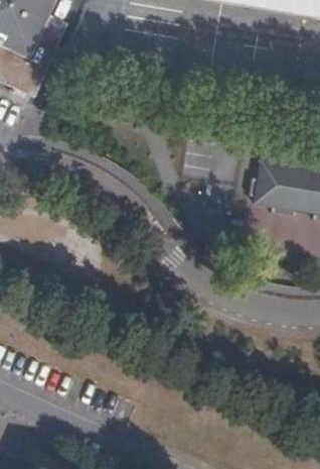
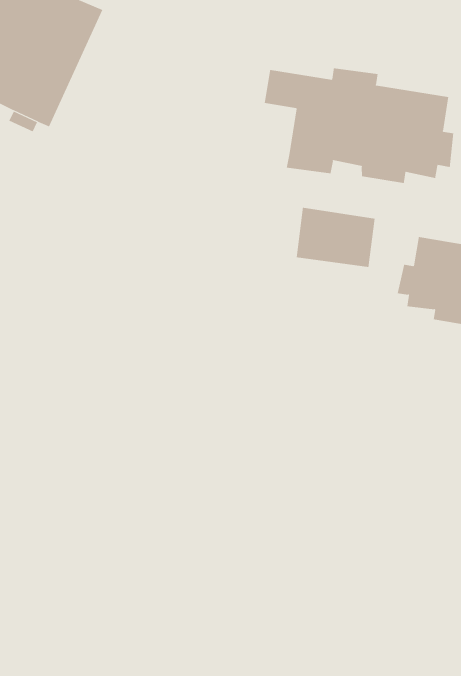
building: none -> [264,68,454,184]

